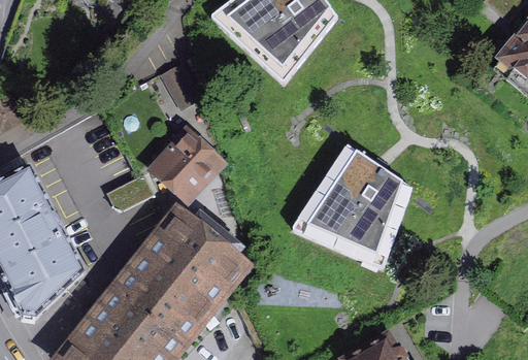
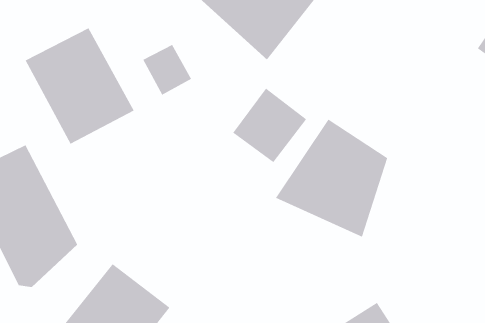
building: none -> [25,27,135,145]
building: [154,131,232,210] -> [232,87,307,163]
building: [119,217,239,338] -> none

